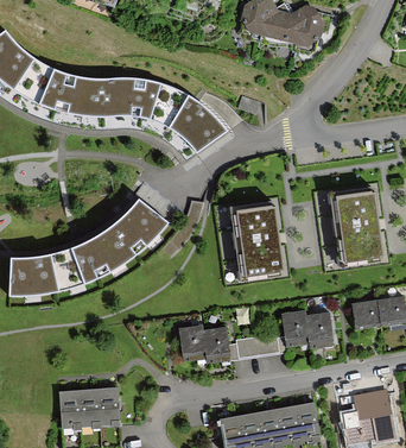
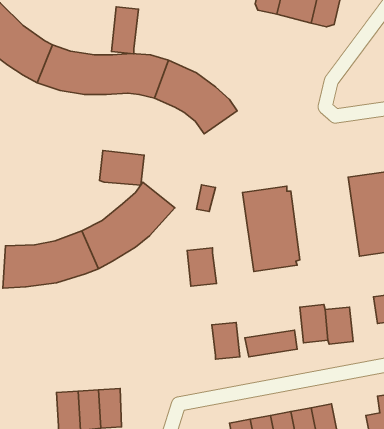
building: none -> [111,7,138,54]
building: none -> [100,150,144,185]
building: [178,326,205,361] -> [187,248,216,286]

